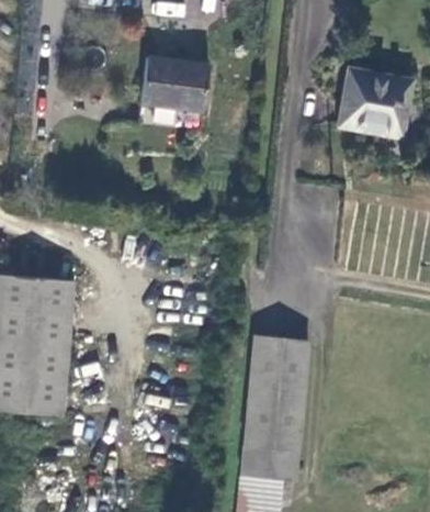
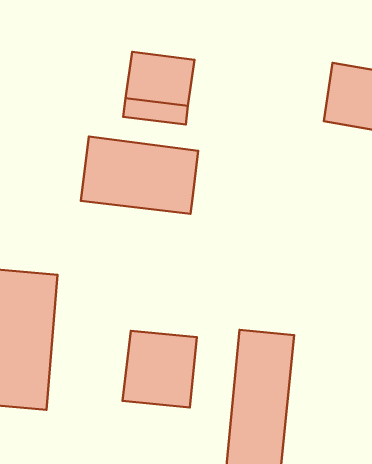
building: none -> [81,137,198,214]
building: none -> [123,331,197,407]

